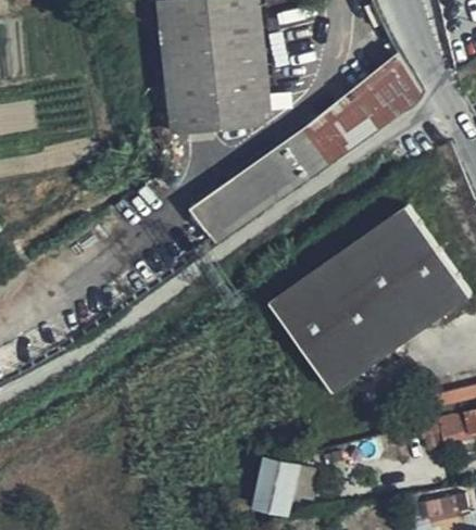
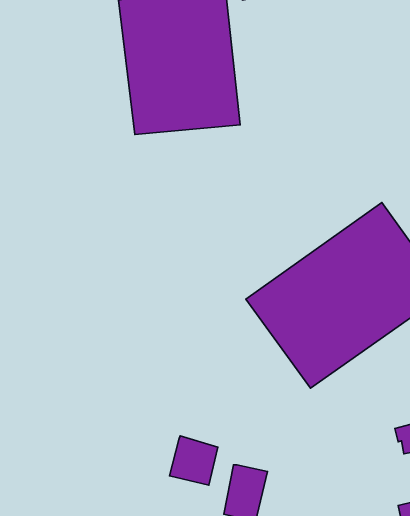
building: [193,58,422,243] -> none
building: none -> [169,436,218,485]

